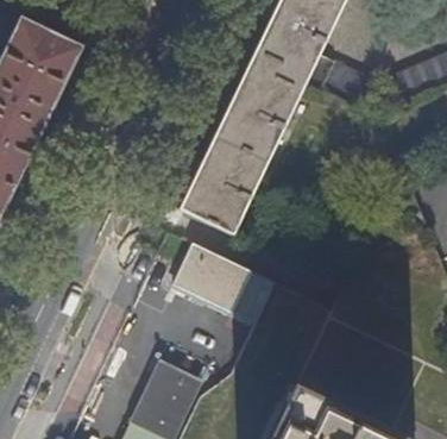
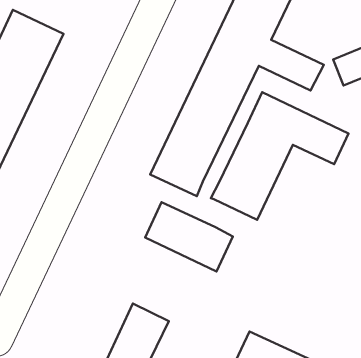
building: none -> [211,92,349,220]

